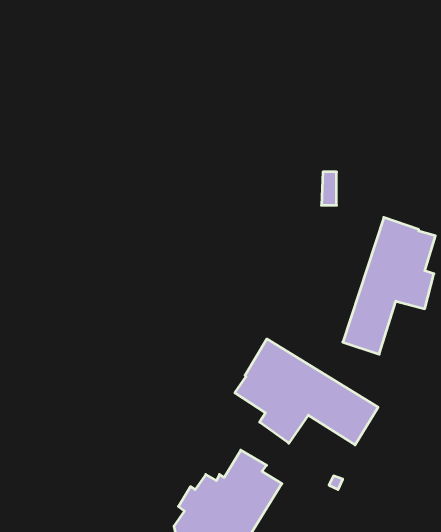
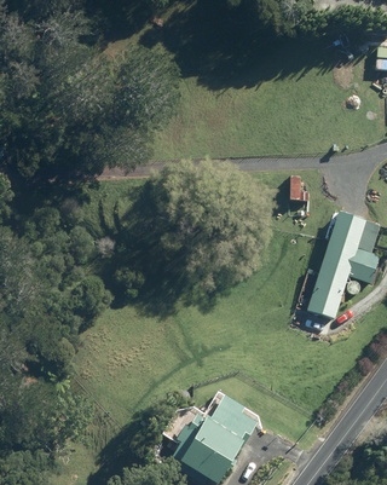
building: [235,339,378,445] -> none

